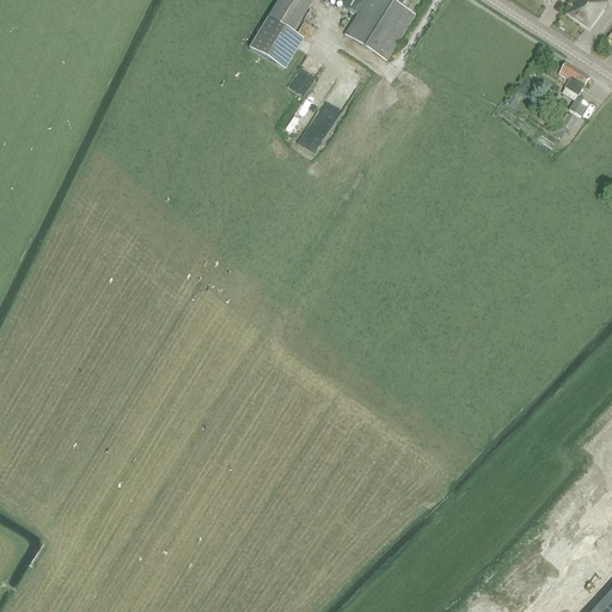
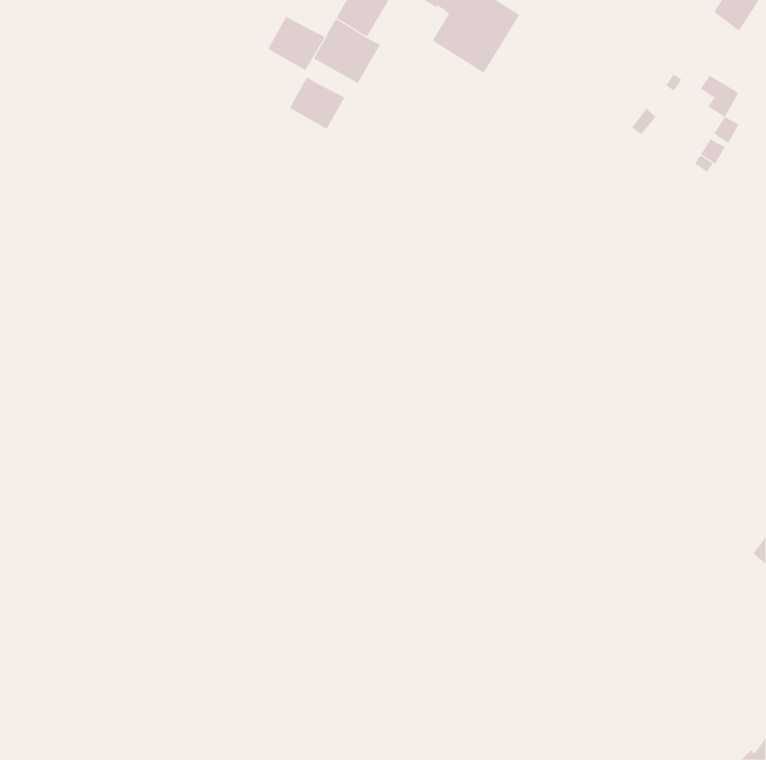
building: none -> [268,16,325,71]
building: none -> [289,77,345,129]

